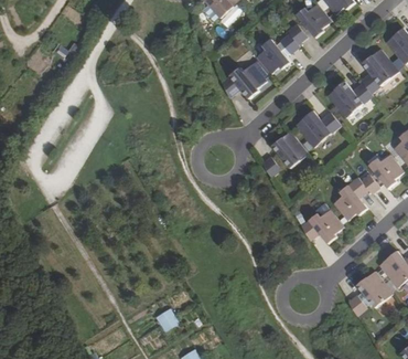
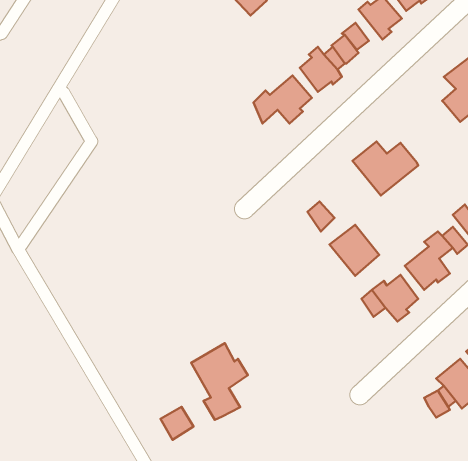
building: [326,81,375,120] -> none
building: [271,130,308,168] -> [330,225,379,276]
building: none -> [191,343,248,420]

